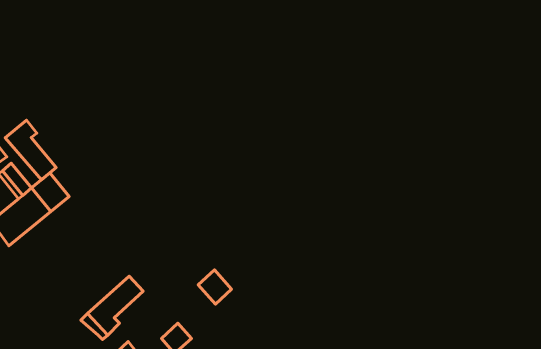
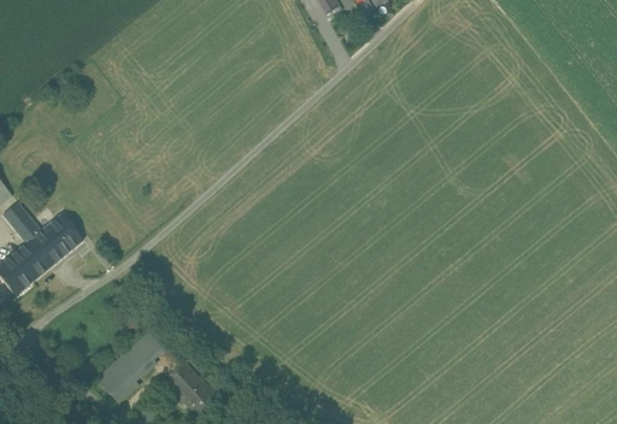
building: [5,120,56,180] -> none
building: [198,270,232,304] -> [166,360,204,399]

